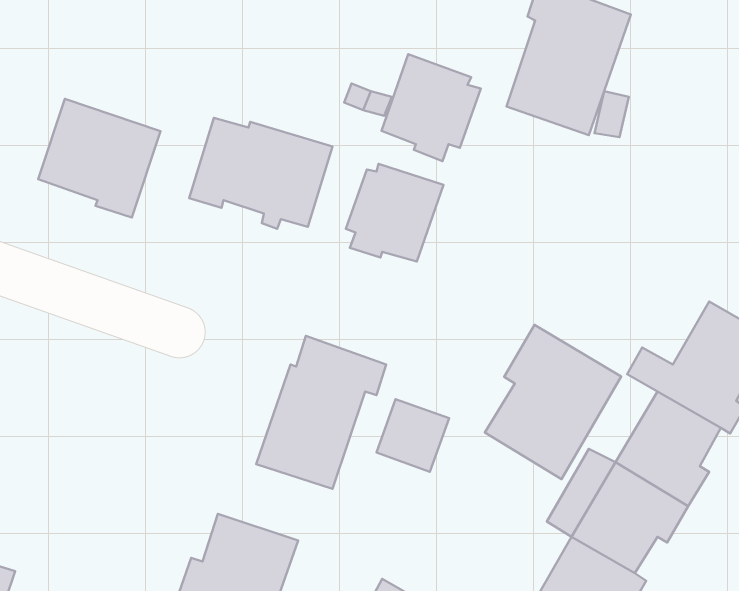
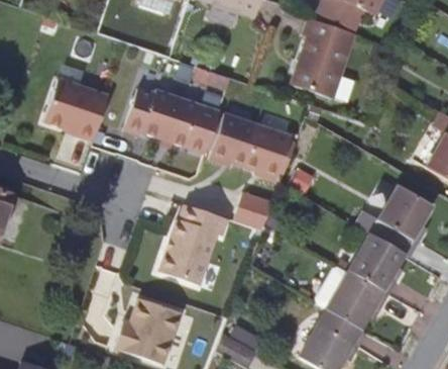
building: [381,54,481,161] -> [244,123,297,180]
building: [485,325,621,479] -> none
building: [376,399,449,472] -> [234,191,272,229]

